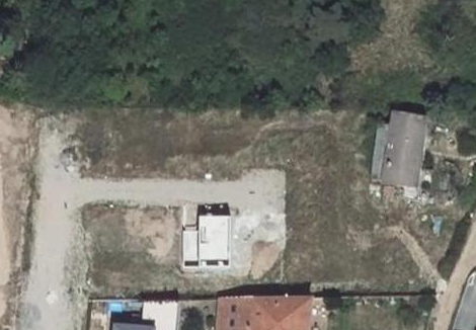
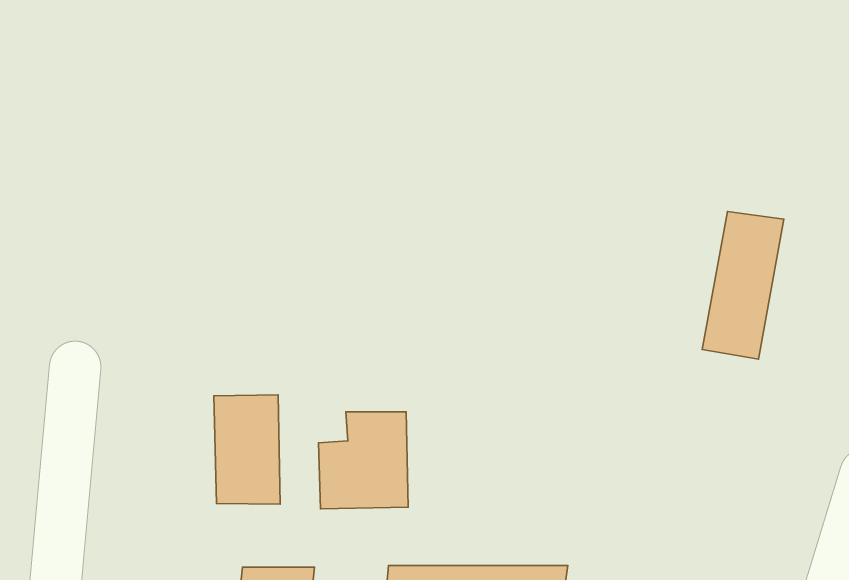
building: none -> [214,395,280,504]

